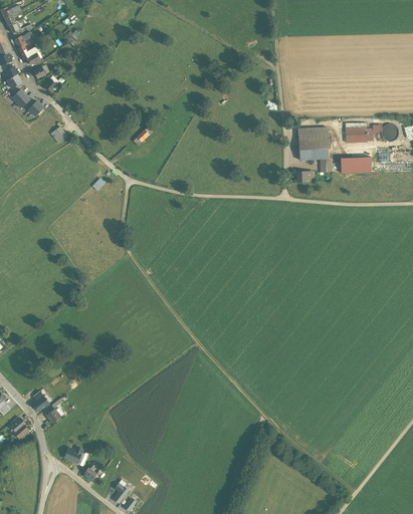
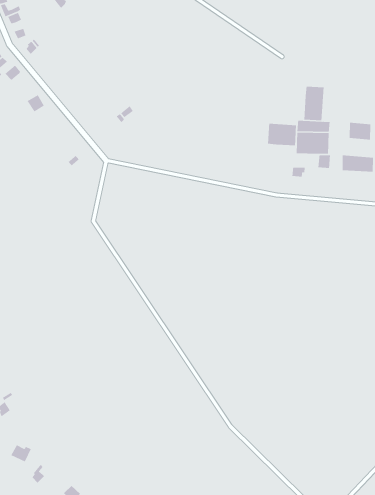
building: none -> [303,86,324,121]
building: none -> [267,123,297,146]

